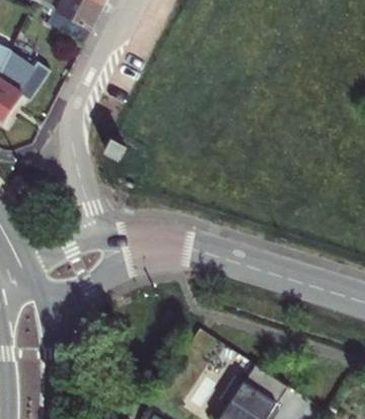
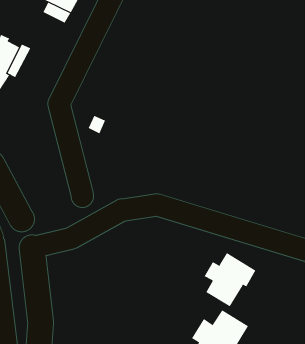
building: none -> [204,252,256,307]

